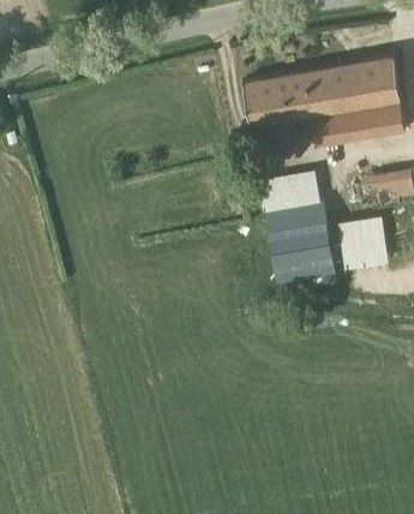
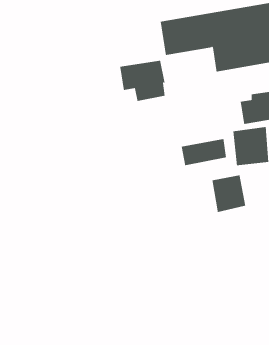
building: [260,172,320,226] -> [119,60,166,101]
building: none -> [212,175,246,213]

